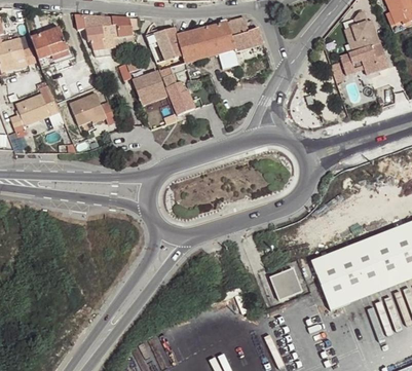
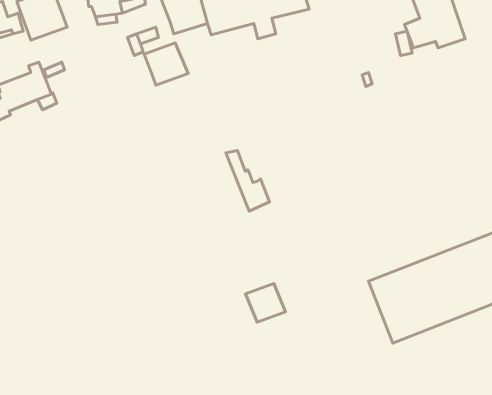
building: [158,67,193,115] -> [226,150,270,211]
building: [69,92,115,125] -> none
building: [269,268,301,299] -> [246,284,286,322]

